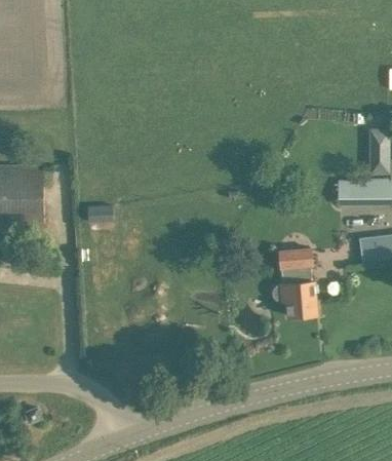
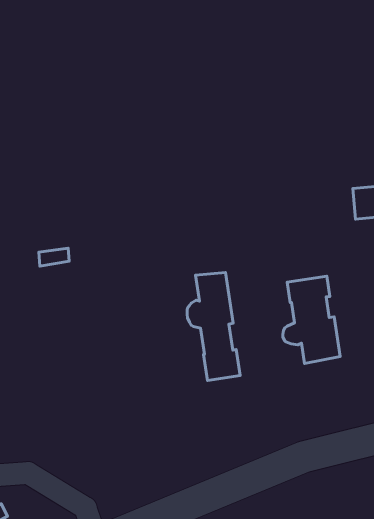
building: none -> [187,273,240,380]

